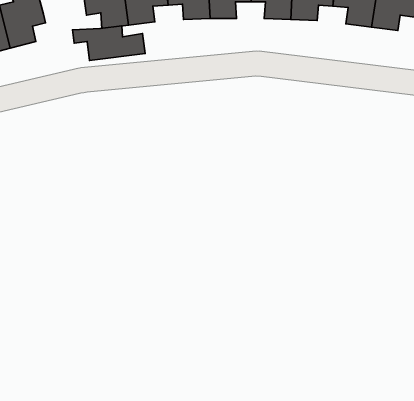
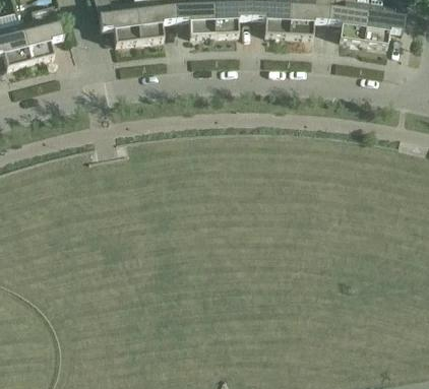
building: [72,26,145,61] -> none

